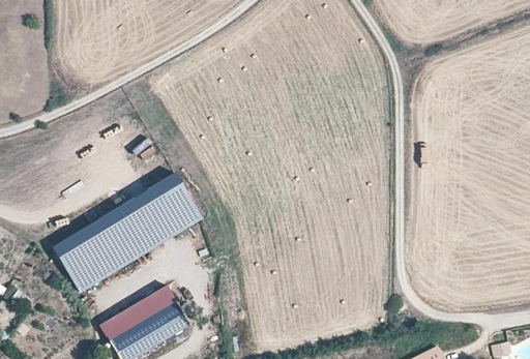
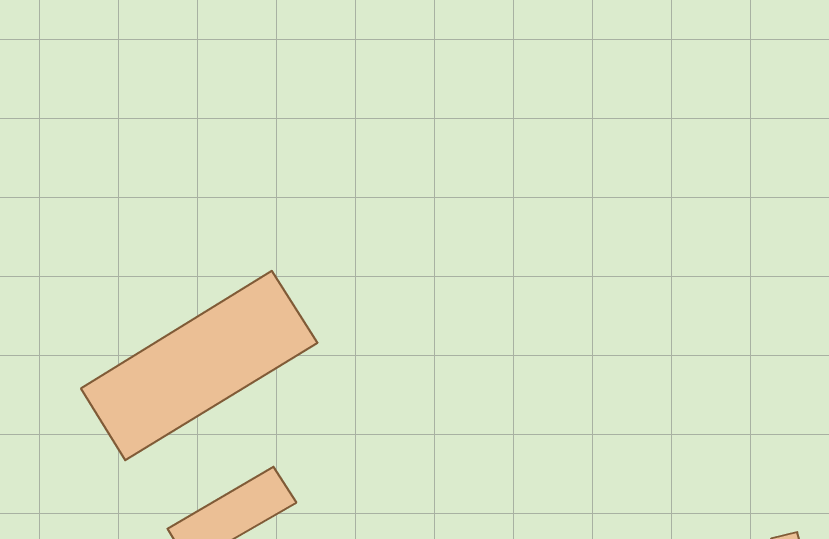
building: [99,285,175,337] -> none

